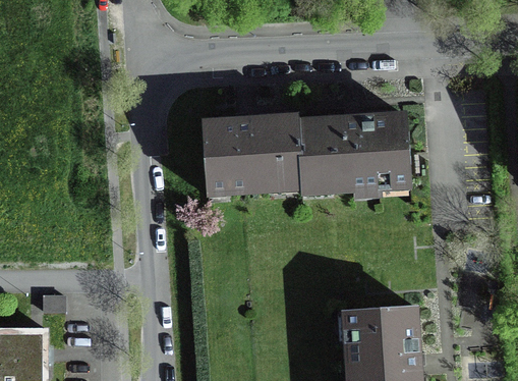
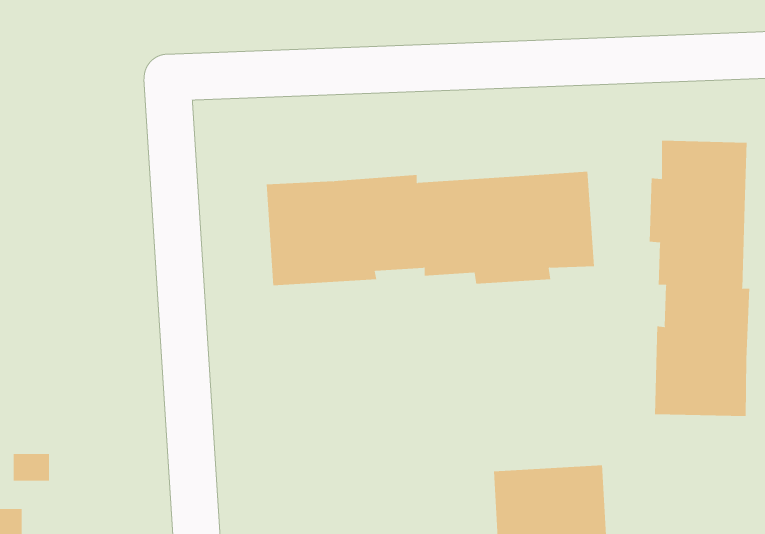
building: none -> [649,140,750,417]

